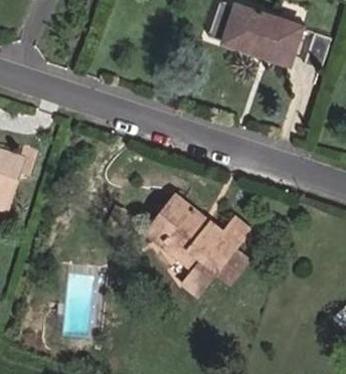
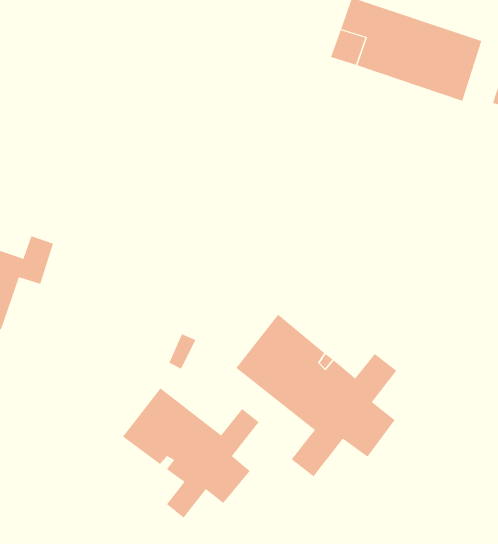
building: none -> [122,388,260,518]

